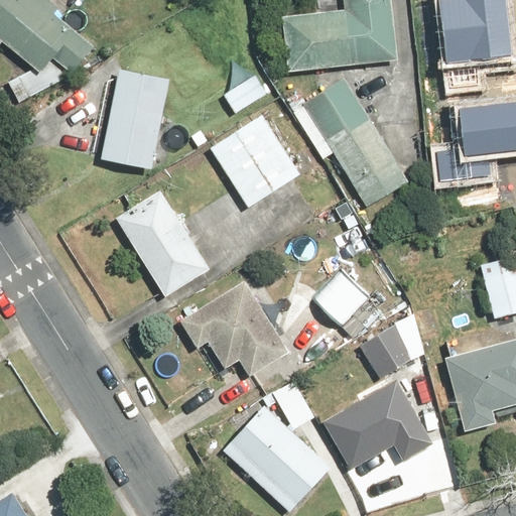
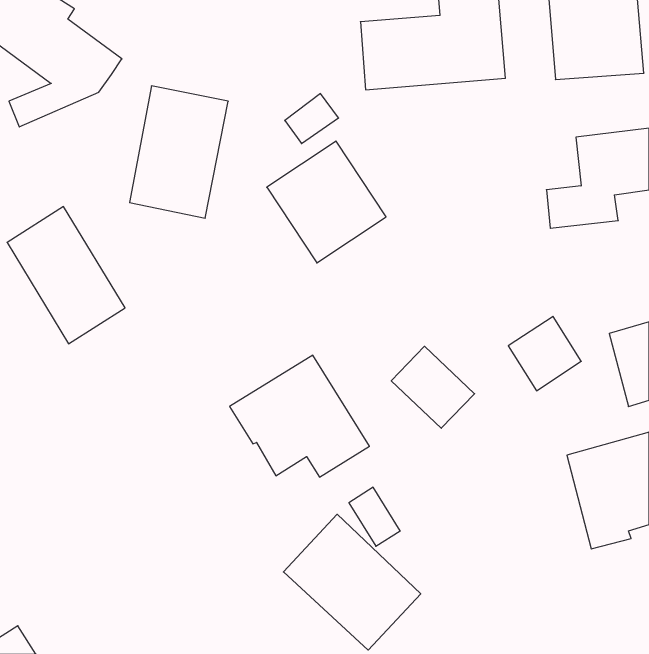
building: [291,78,409,209] -> none
building: [117,189,210,297] -> [7,207,125,344]
building: [358,320,415,379] -> [508,316,581,391]
building: [322,379,433,471] -> none

